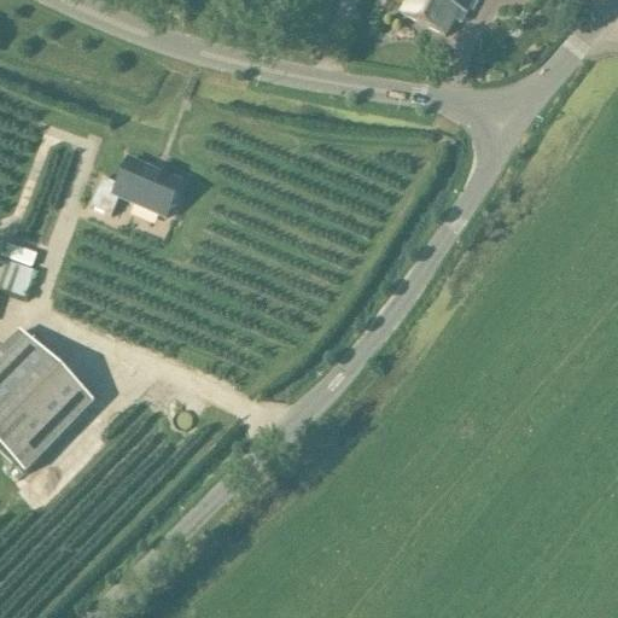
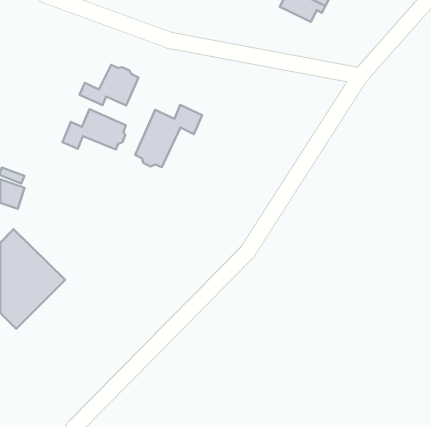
building: none -> [80,65,139,106]
building: none -> [135,105,202,167]

